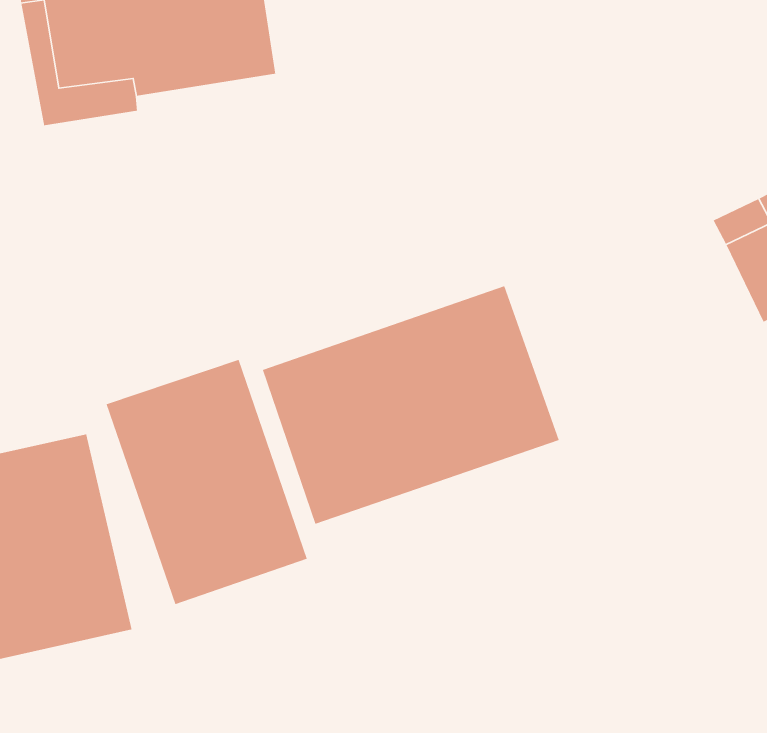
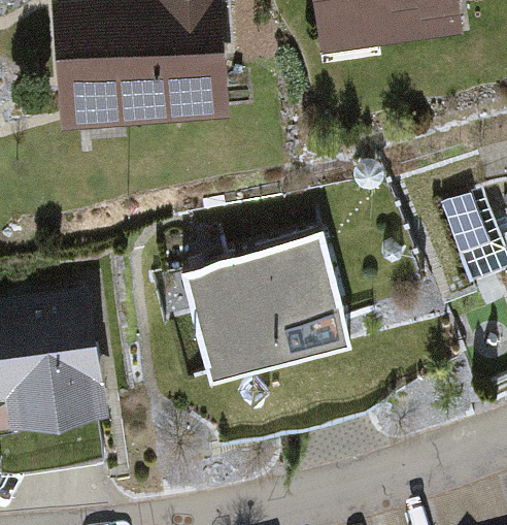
building: [105,359,308,605] -> none

